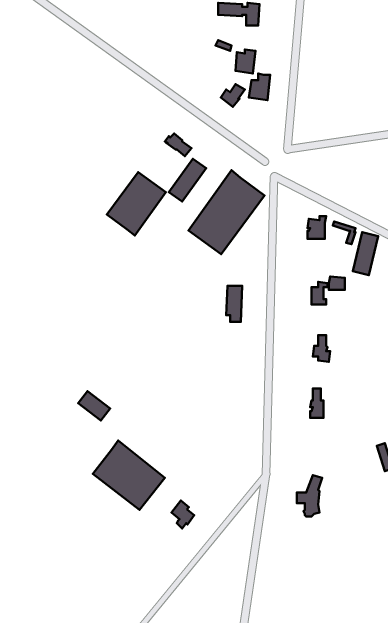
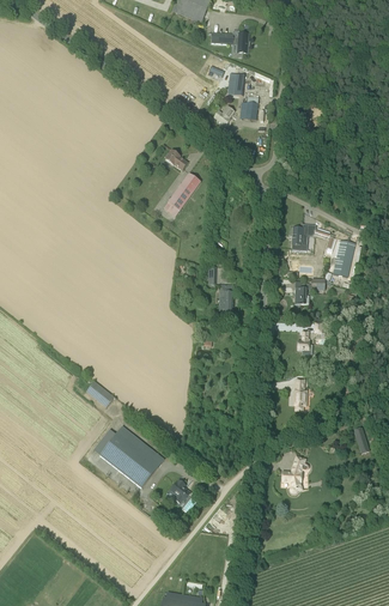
building: [189,170,265,254] -> none
building: [107,172,166,236] -> none

